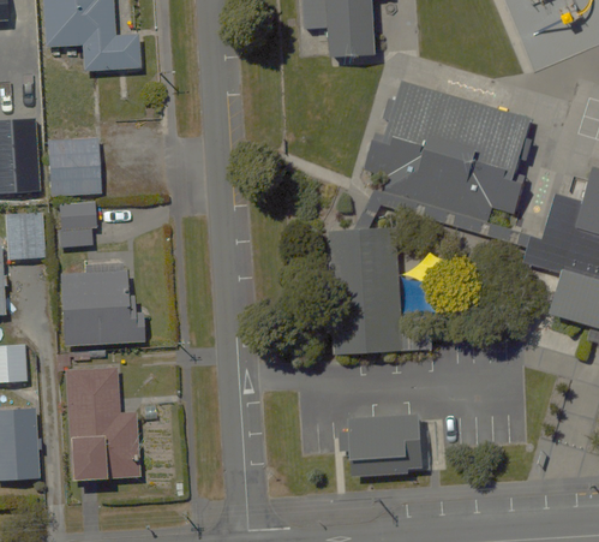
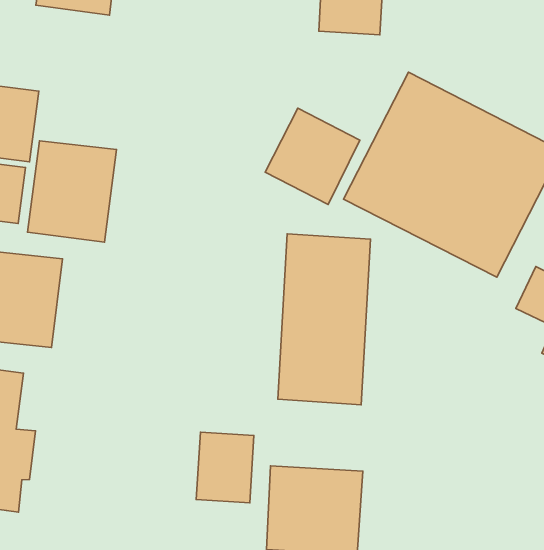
building: none -> [265,108,360,204]
building: none -> [28,141,117,242]
building: none -> [196,432,254,503]

